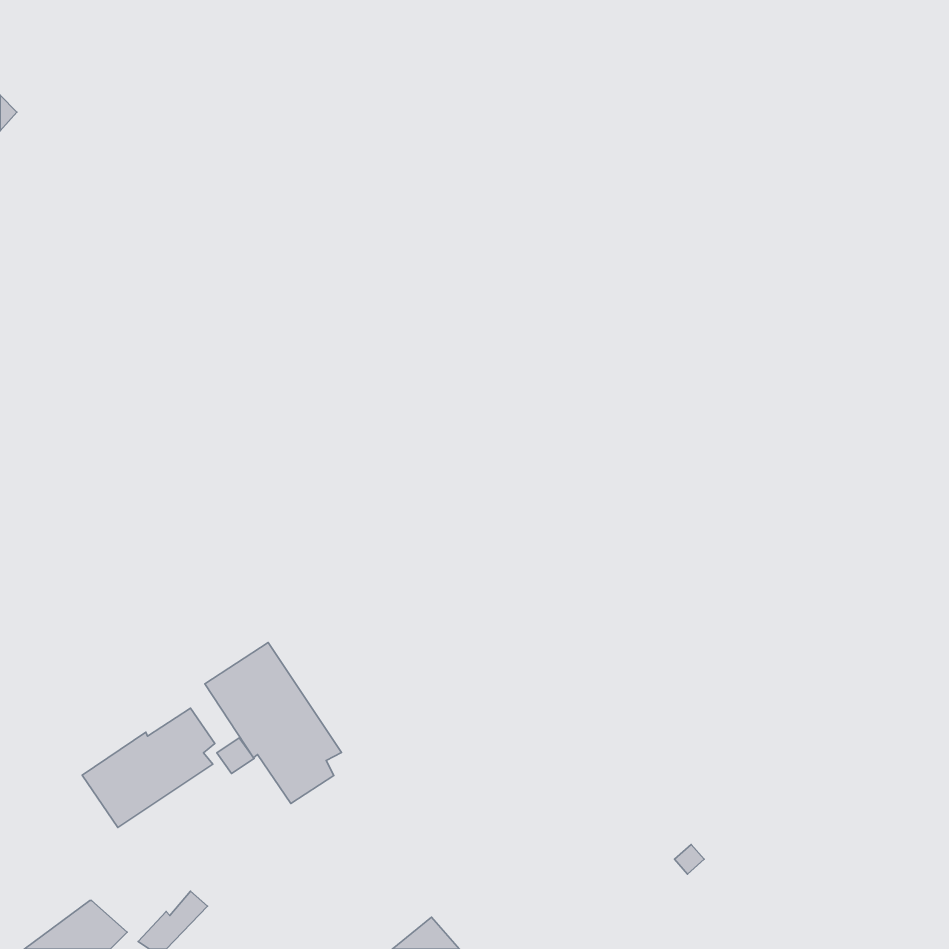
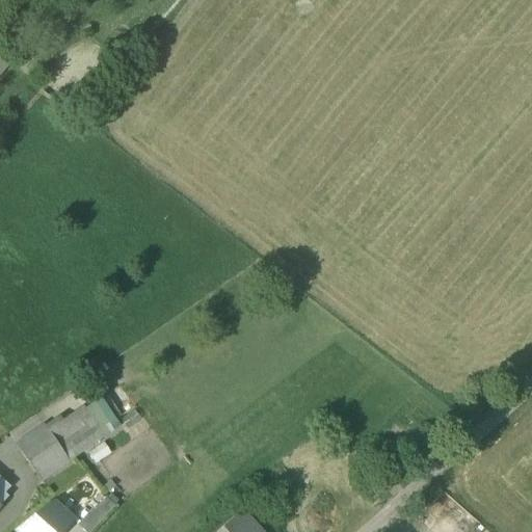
building: [205,642,341,803] -> none
building: none -> [19,427,69,479]

